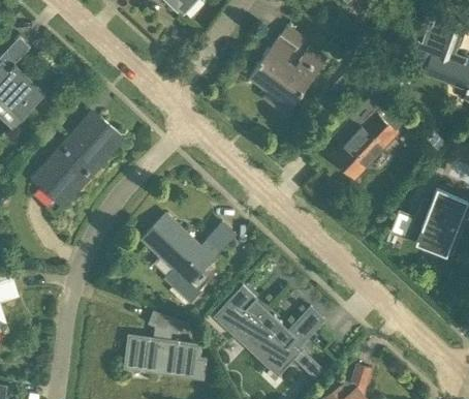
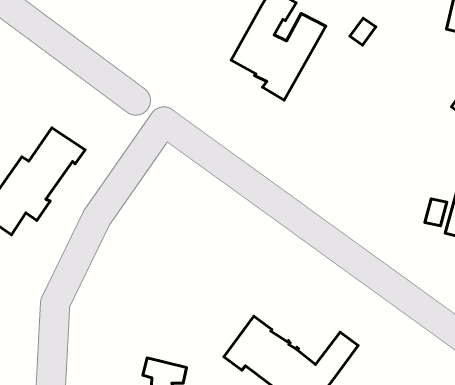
building: [332,94,398,180] -> none
building: [142,214,234,302] -> none

